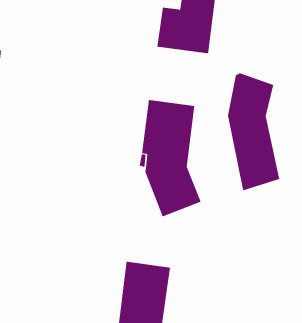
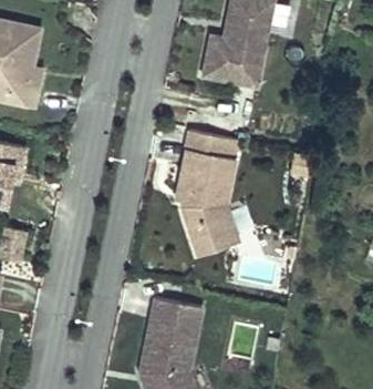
building: [227,72,280,191] -> none

